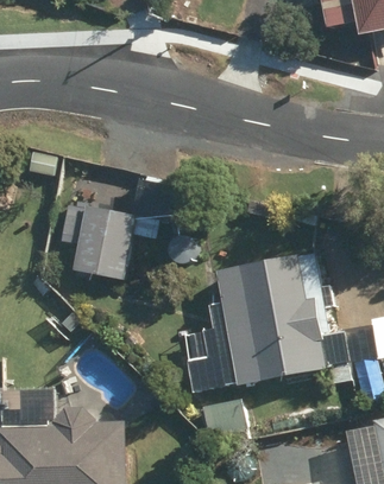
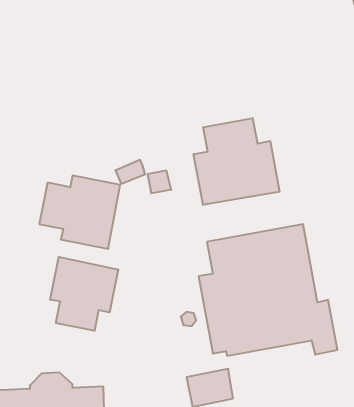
building: none -> [194,118,280,205]
building: none -> [50,257,118,331]

